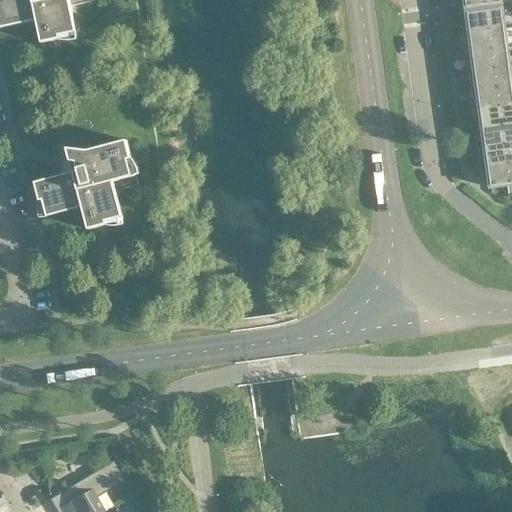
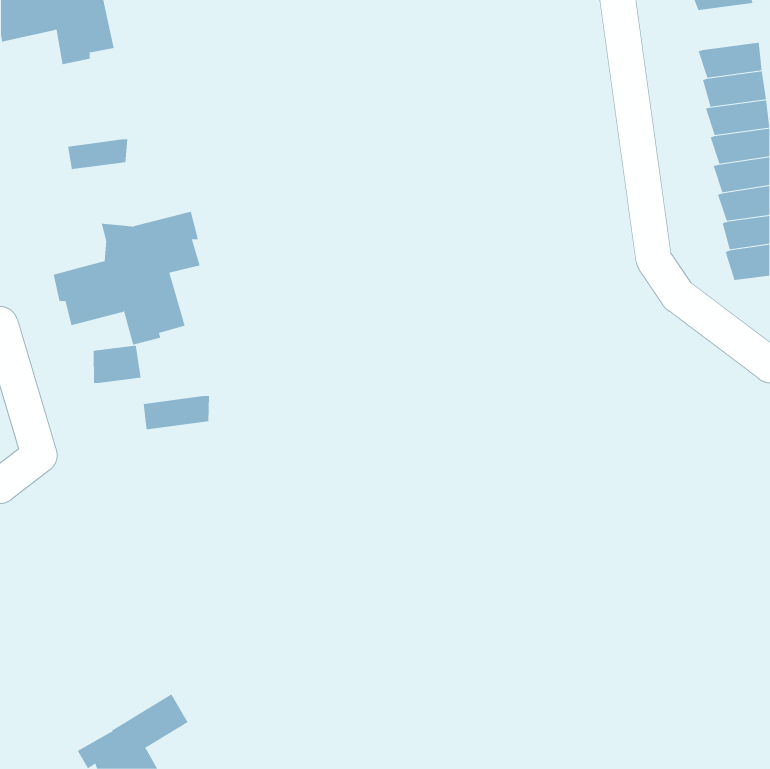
building: [460,8,504,33] -> none
building: none -> [67,139,128,170]
building: none -> [93,345,141,384]
building: none -> [143,395,209,430]

